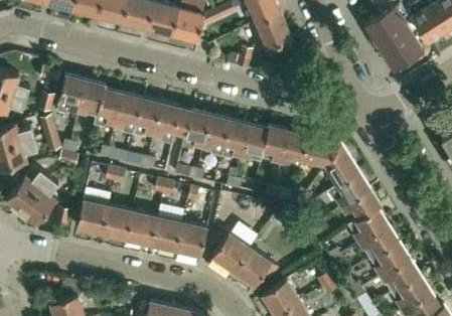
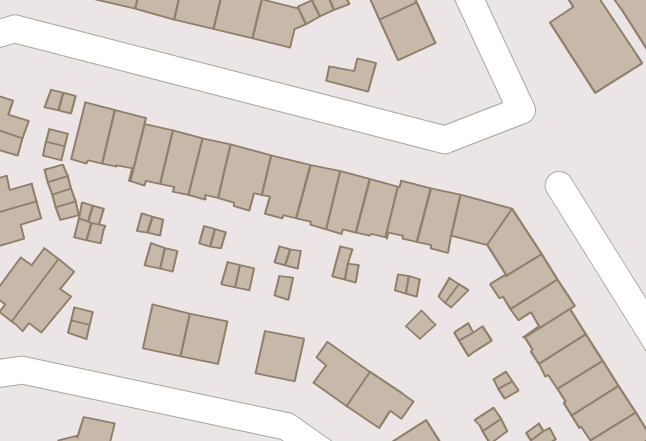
building: [77,200,109,233] -> none
building: [151,216,181,250] -> none

